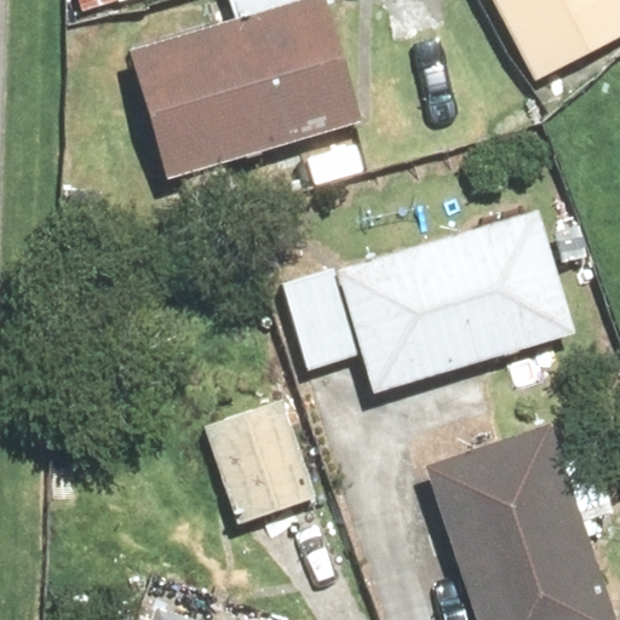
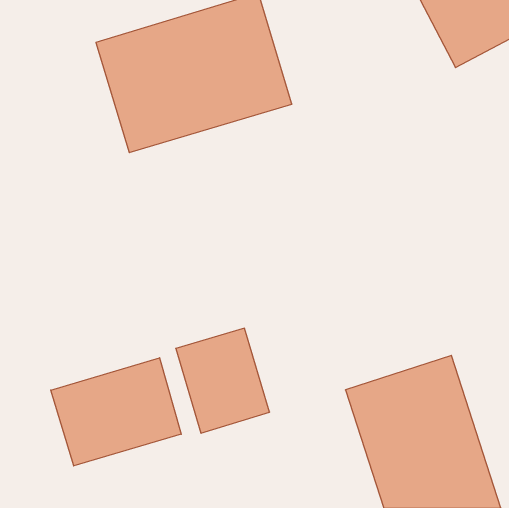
building: [333,209,575,391] -> none
building: none -> [51,358,181,466]

